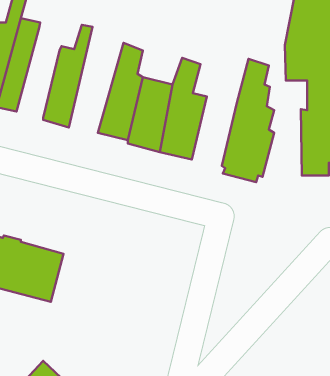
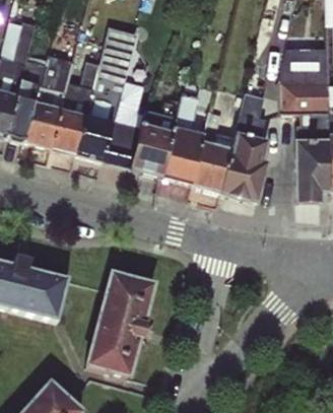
building: none -> [75,43,129,163]
building: none -> [25,62,66,147]
building: none -> [192,127,235,193]
building: none -> [84,268,155,377]

